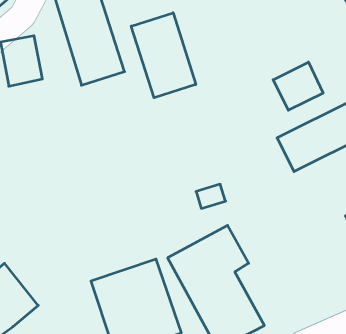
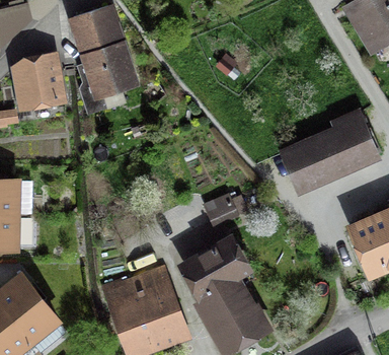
building: [131,13,196,98] -> none
building: [273,62,323,110] -> none

